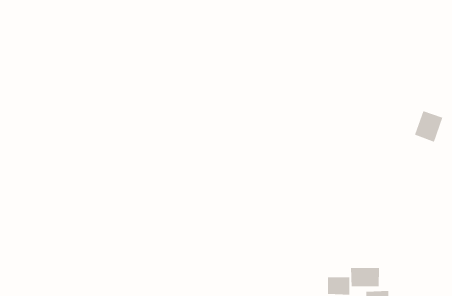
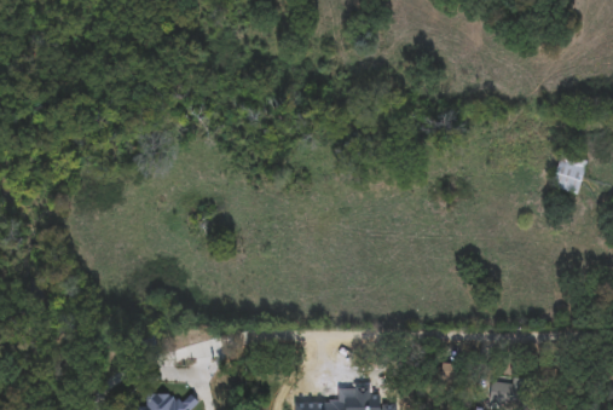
building: [350,267,380,287] -> none

